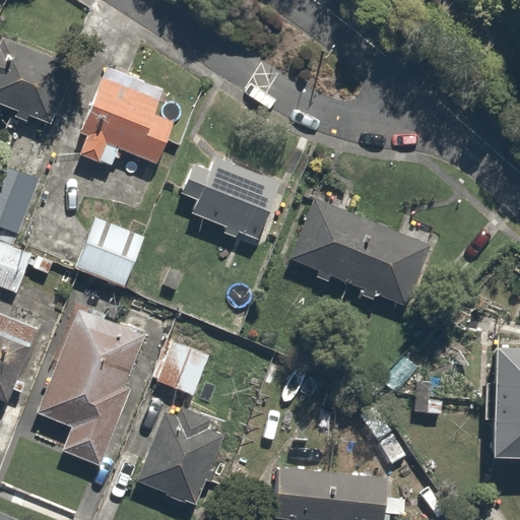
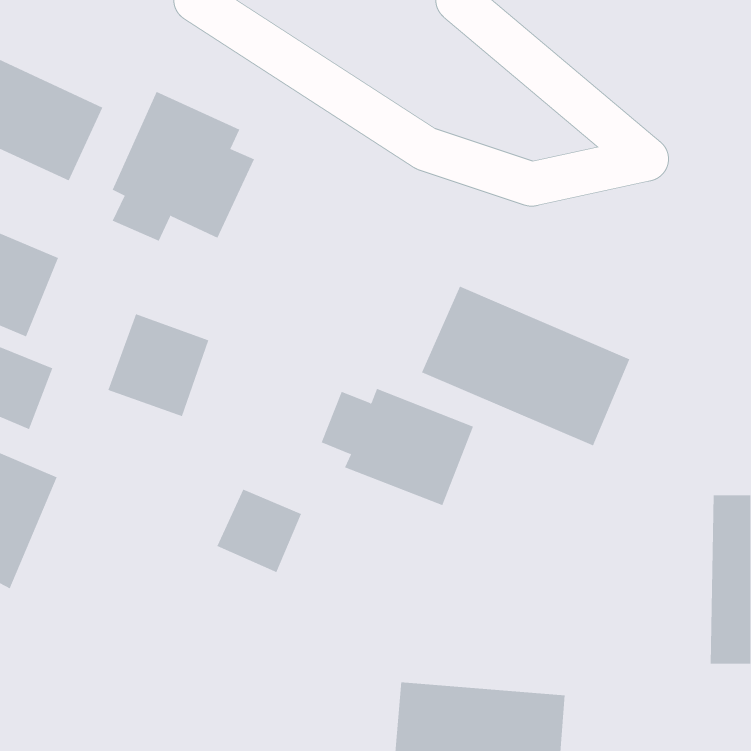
building: [176,158,281,240] -> [321,388,474,506]
building: [37,307,155,469] -> none
building: [132,398,228,512] -> none

